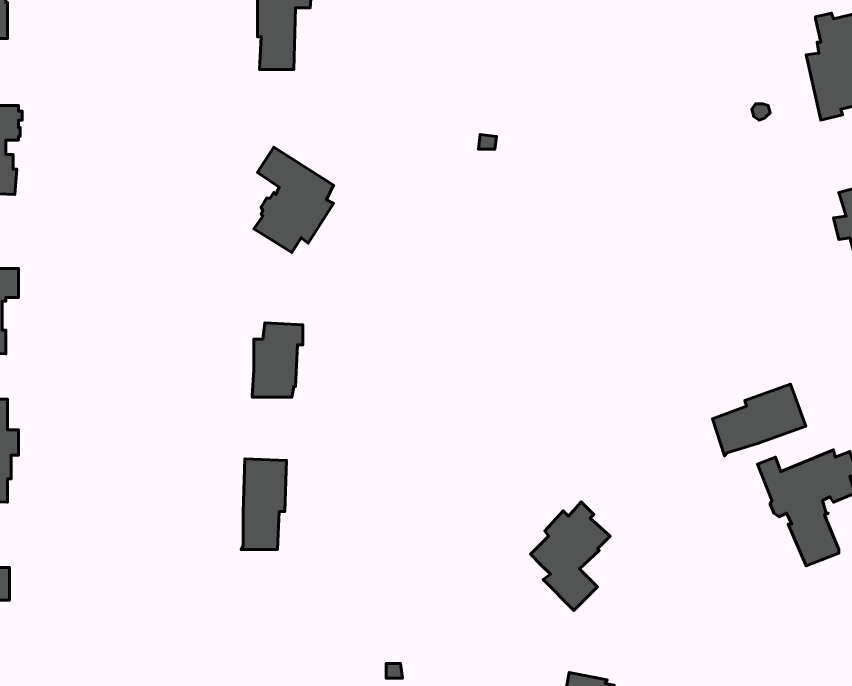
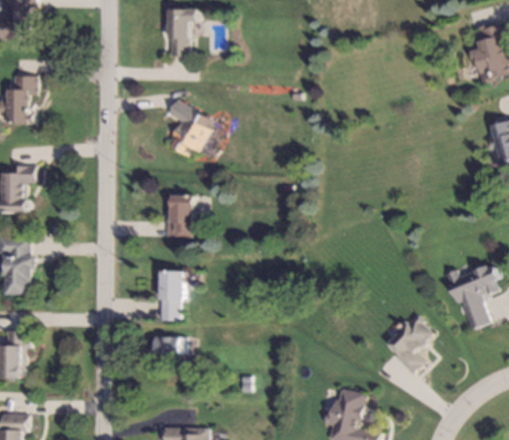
building: [713,384,806,456] -> none
building: [530,502,610,610] -> [387,314,431,374]
building: none -> [148,336,184,354]

